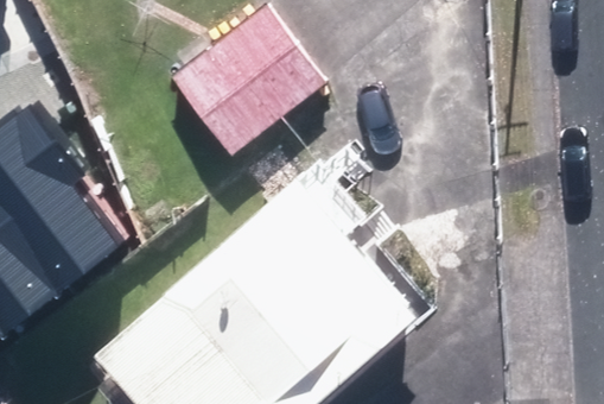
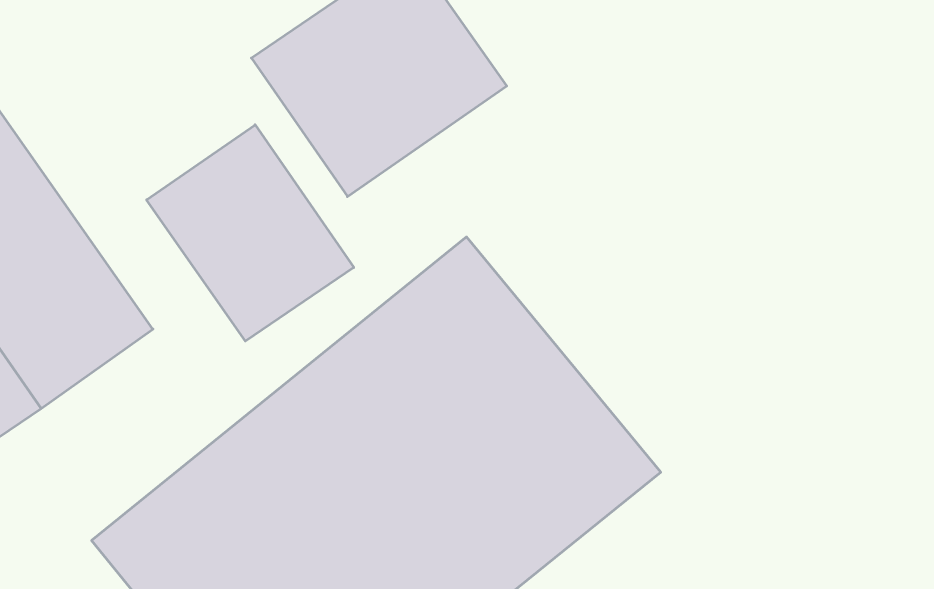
building: none -> [147,125,354,341]

